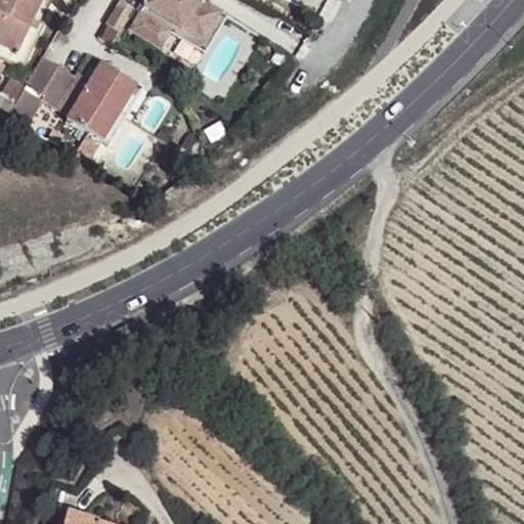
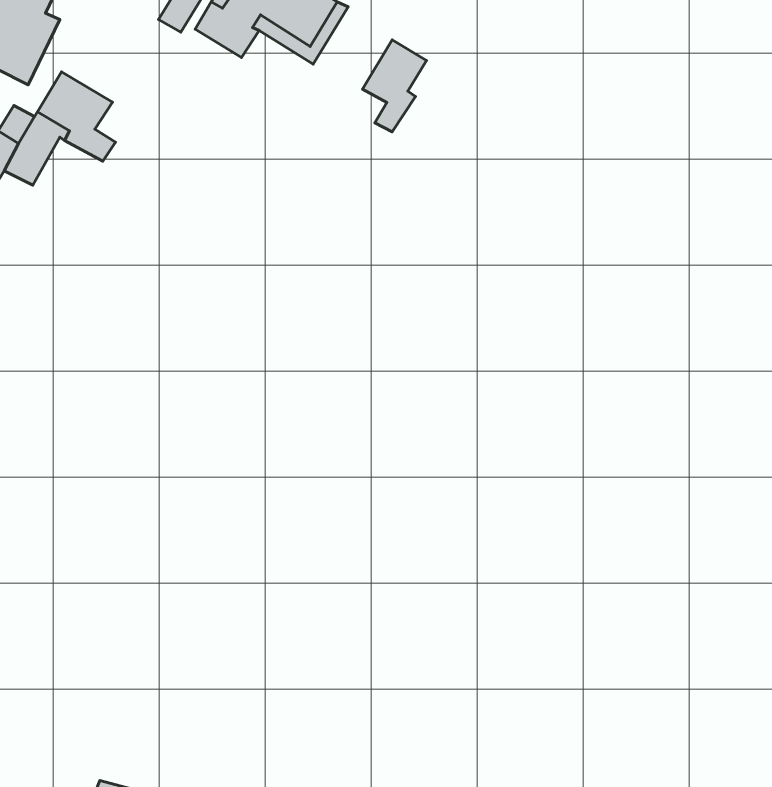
building: none -> [362,40,426,132]
building: [63,60,135,160] -> none

